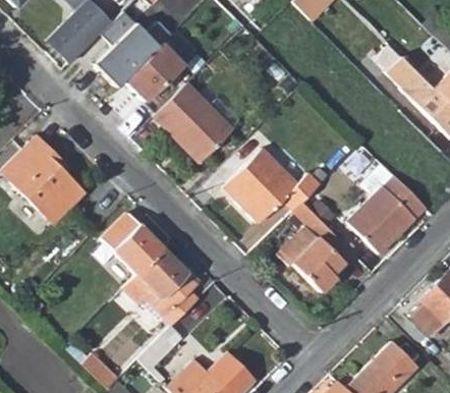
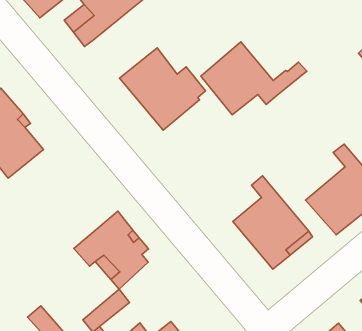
building: [123,43,183,102] -> none
building: [226,151,331,224] -> [201,42,307,115]
building: [101,214,163,275] -> none

